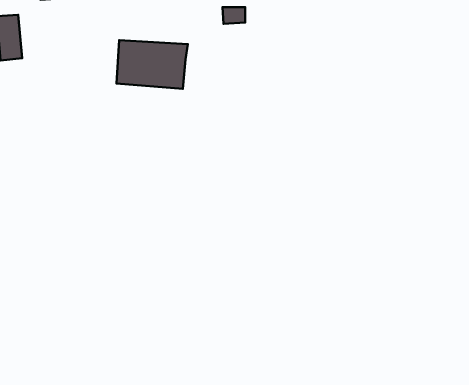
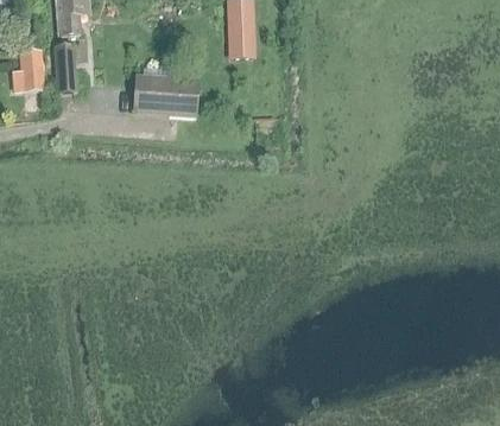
building: none -> [52,42,77,93]

